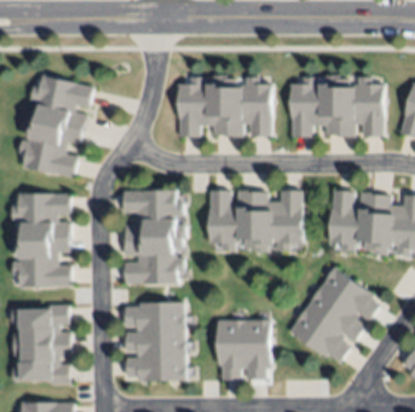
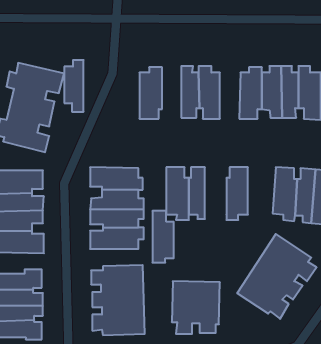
building: [204,79,226,137] -> [64,60,84,112]
building: [253,192,277,250] -> [152,211,174,263]

